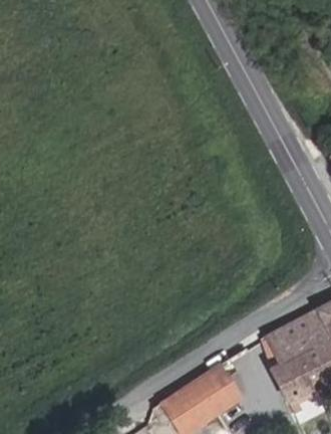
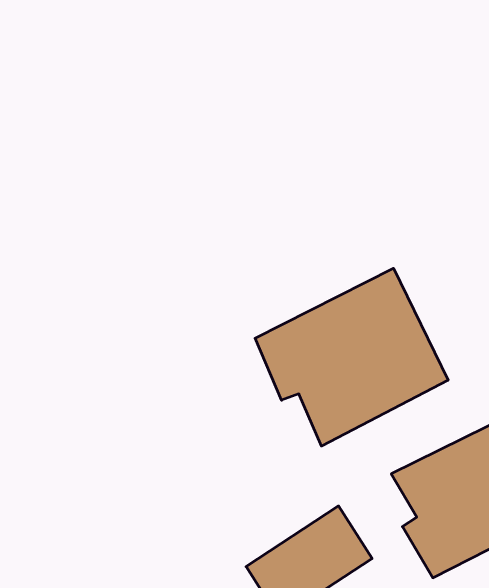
building: none -> [255,268,448,446]

